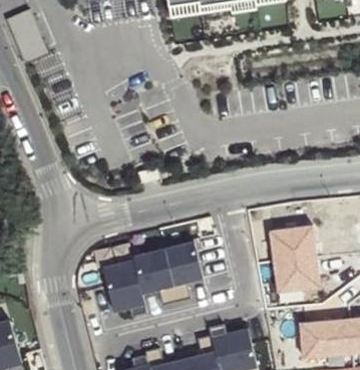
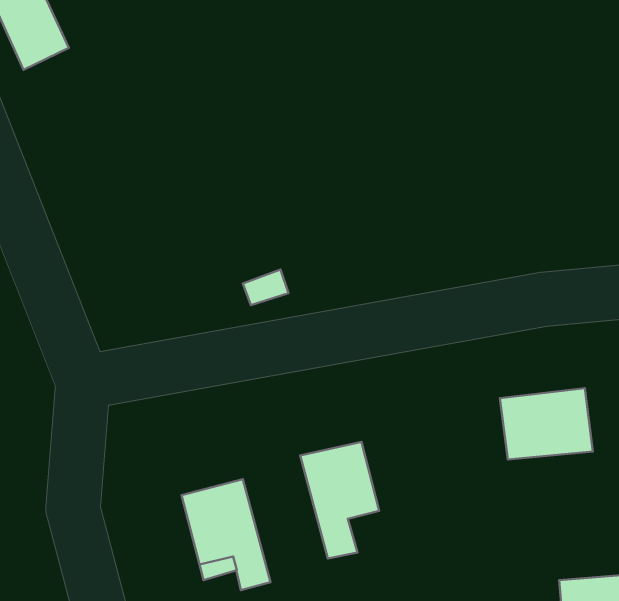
building: [272,258,319,293] -> none
building: [136,260,181,316] -> none

